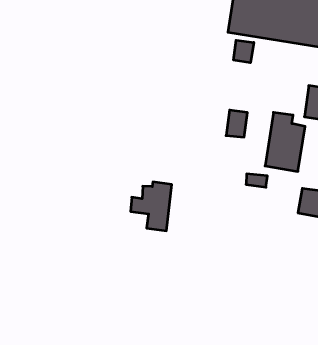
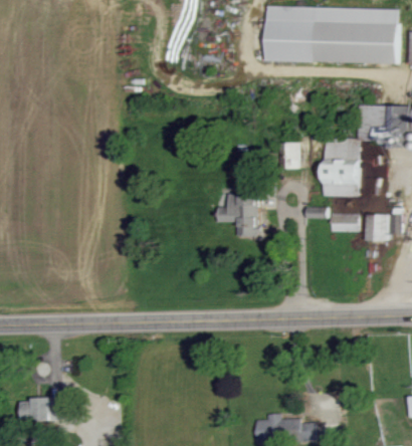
building: [234,40,254,63] -> none
building: [131,182,172,231] -> [217,188,258,237]
building: none -> [331,213,358,231]

